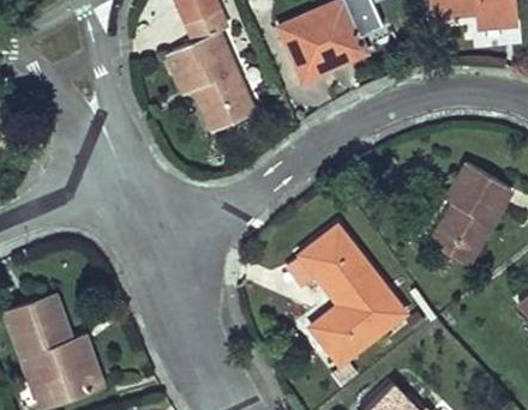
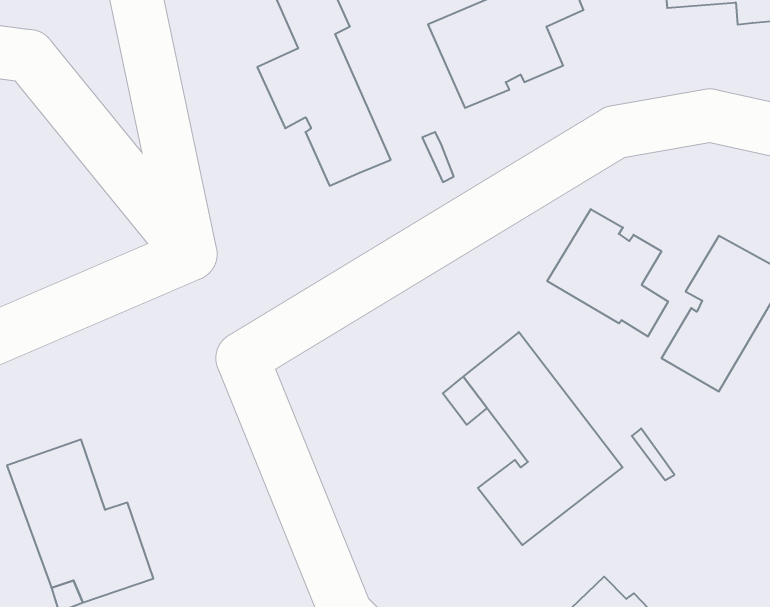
building: none -> [547,209,668,337]

